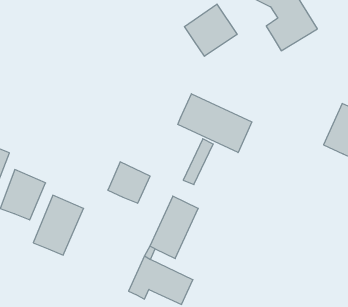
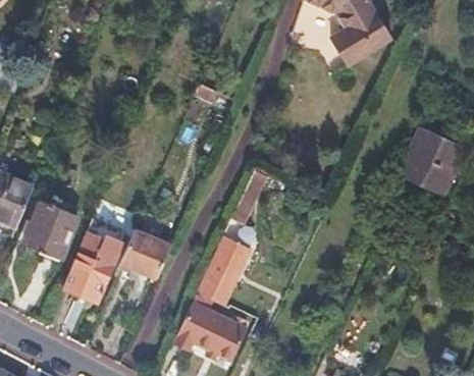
building: [184,4,237,56] -> none
building: [178,94,252,153] -> none
building: [108,162,150,203] -> [121,230,170,278]

